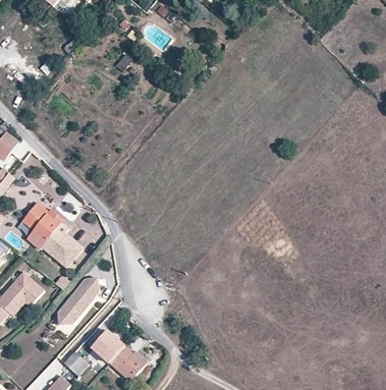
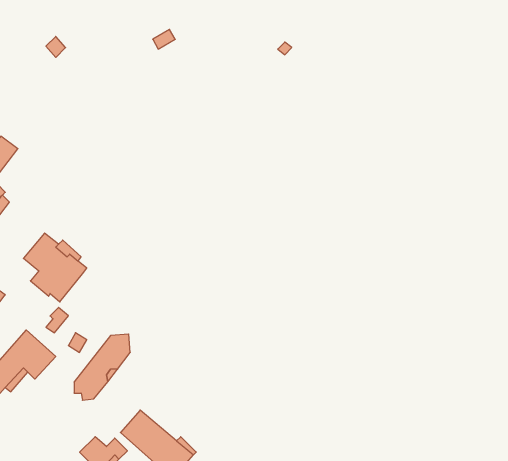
building: [48,231,84,267] -> none

